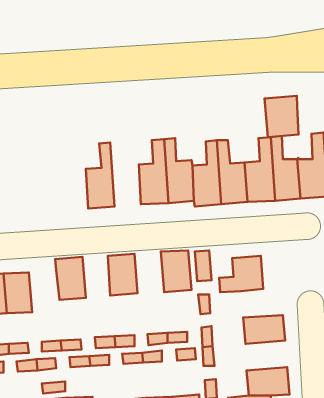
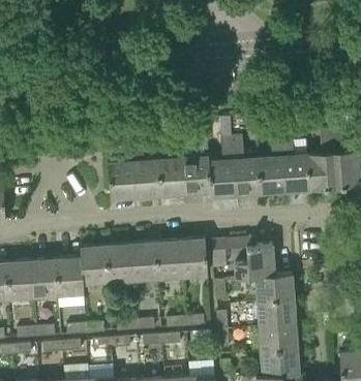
building: [265,96,299,137] -> none
building: none -> [131,137,160,197]
building: none -> [154,240,182,279]
building: none -> [106,244,131,283]
building: none -> [55,257,84,296]
building: none -> [254,274,294,301]
building: none -> [259,323,298,351]

